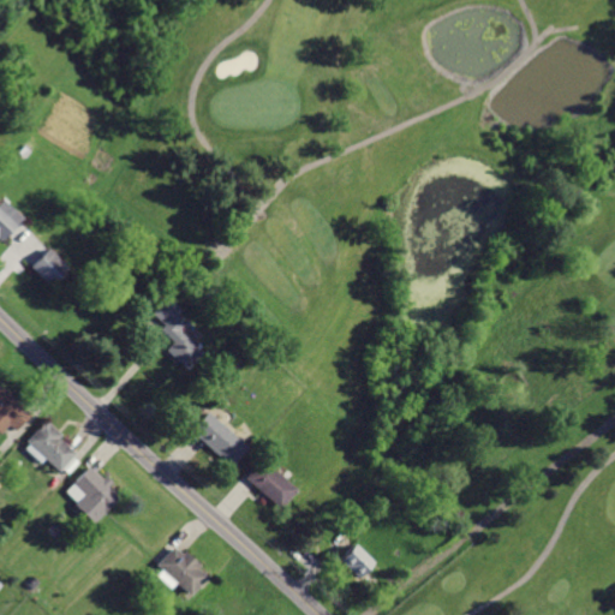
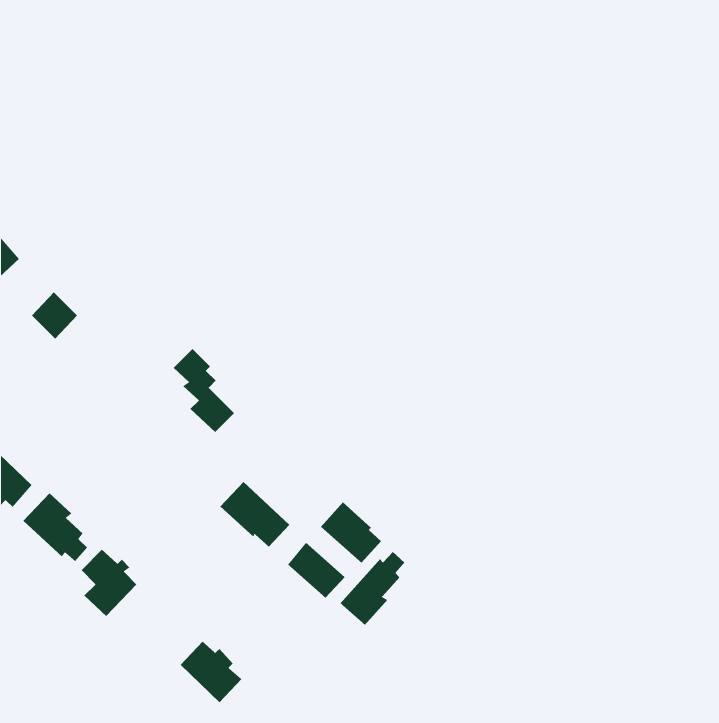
building: none -> [320,501,382,564]
building: none -> [339,551,405,626]
building: [339,544,375,581] -> none

